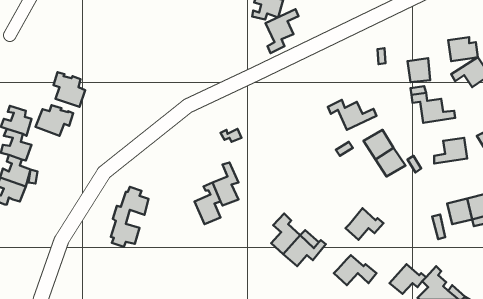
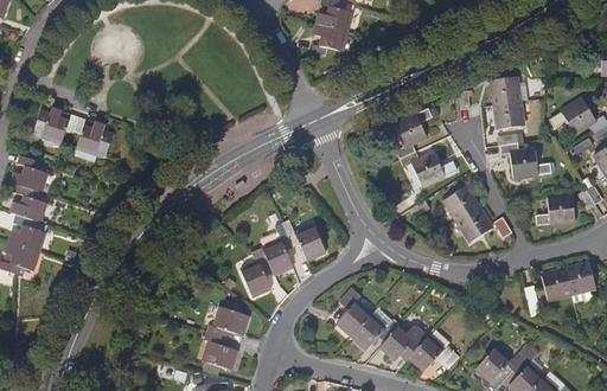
building: [266,9,298,53] -> [395,107,434,159]
building: [448,37,478,61] -> [492,76,528,104]
building: [36,105,73,136] -> [33,108,78,145]
building: none -> [283,222,326,262]
building: [111,187,149,247] -> [204,302,249,373]
building: [346,208,383,240] -> [378,322,423,360]

